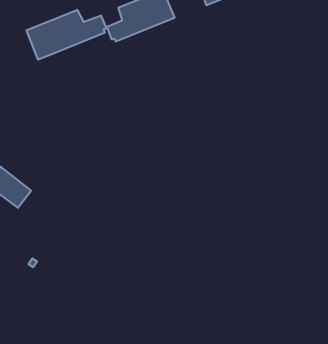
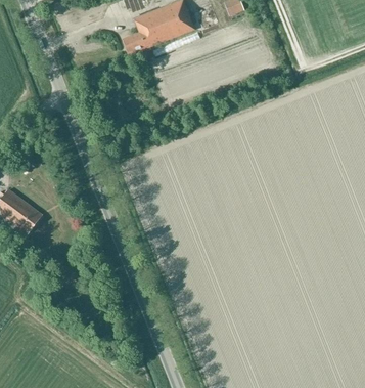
building: [27,10,106,60] -> none

